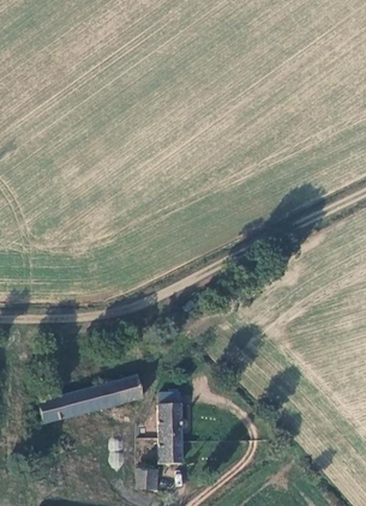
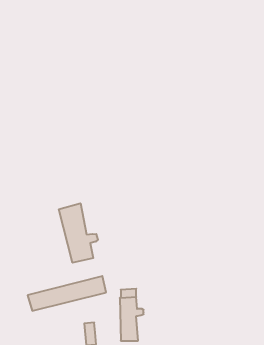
building: none -> [59,203,98,263]

